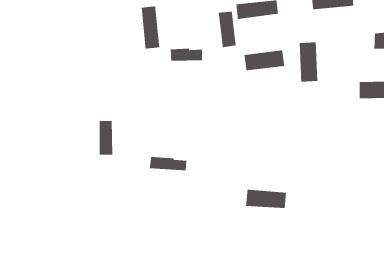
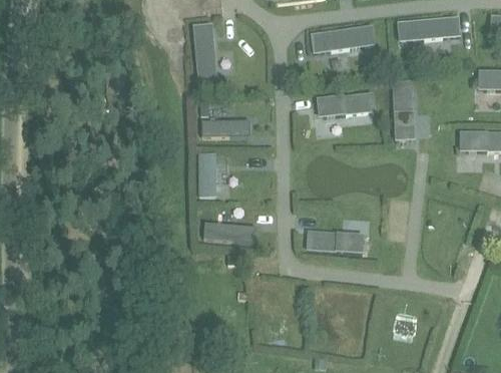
building: [218,11,236,48] -> none
building: [170,48,203,61] -> [204,119,245,136]
building: [99,120,113,156] -> [198,152,216,197]
building: [245,189,287,209] -> [308,228,360,253]

